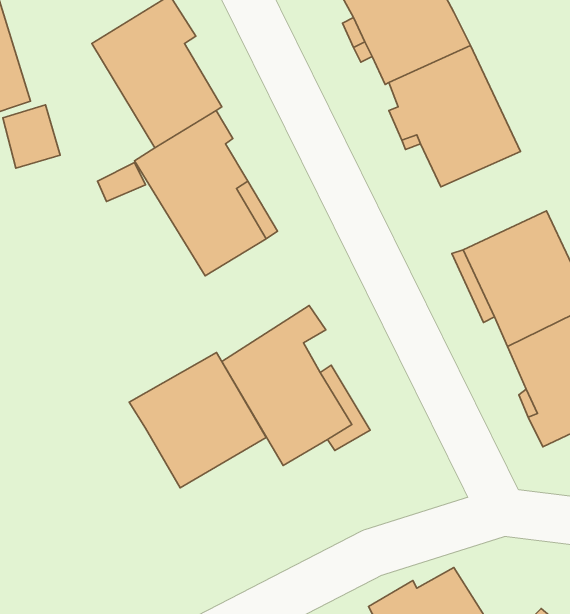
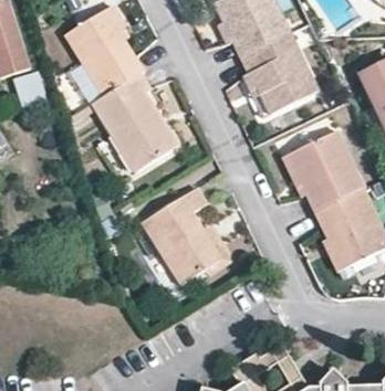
building: [129,353,266,488] -> none

